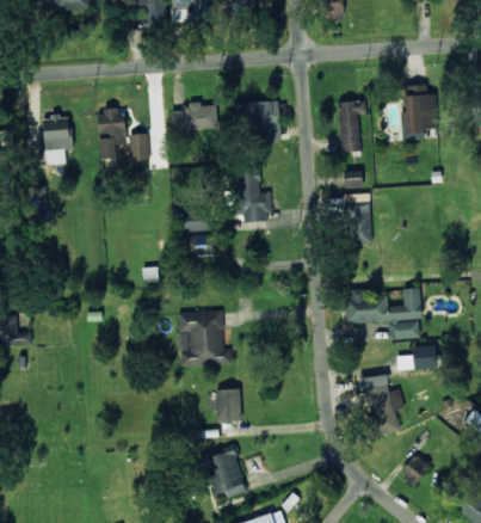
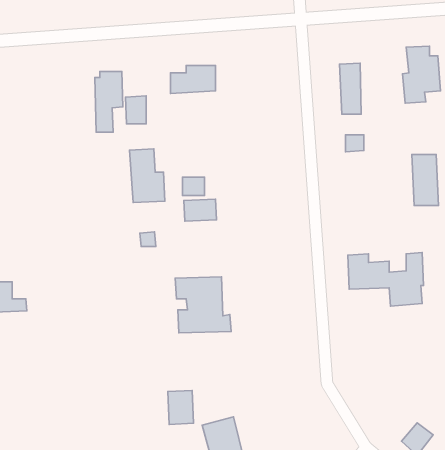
building: [236,100,280,141] -> none
building: [44,115,73,164] -> none
building: [236,168,271,221] -> [130,149,165,202]
building: [346,193,372,244] -> [412,154,439,205]
building: [397,344,437,369] -> none
building: [354,373,405,436] -> none
building: [216,388,241,422] -> [168,390,194,424]

